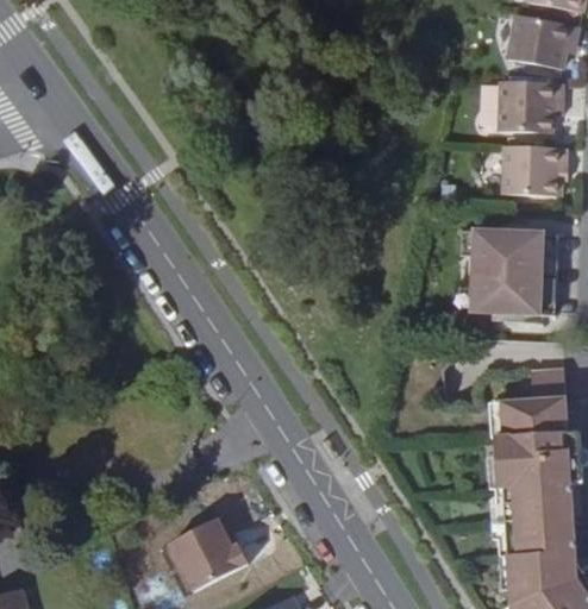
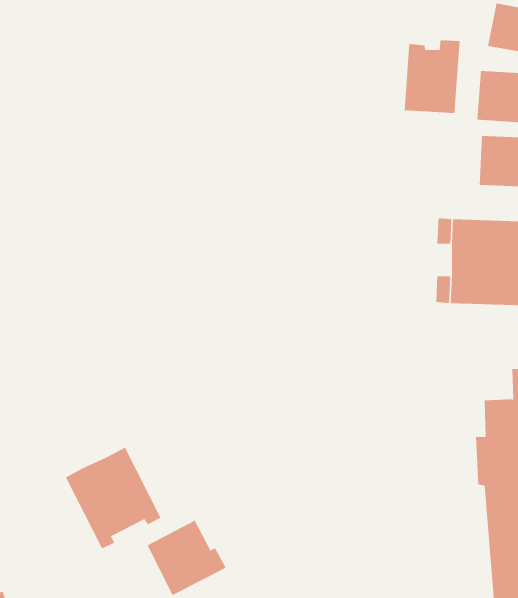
building: none -> [404,40,460,114]
building: none -> [65,447,161,549]

